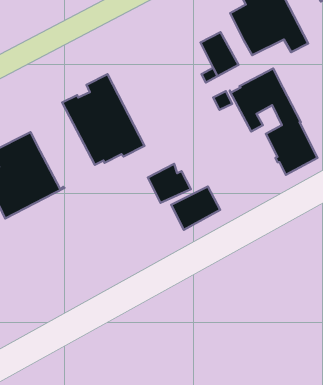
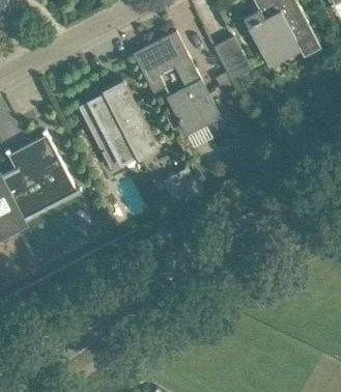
building: [230,68,318,175] -> [133,31,219,136]
building: [171,186,220,230] -> none

